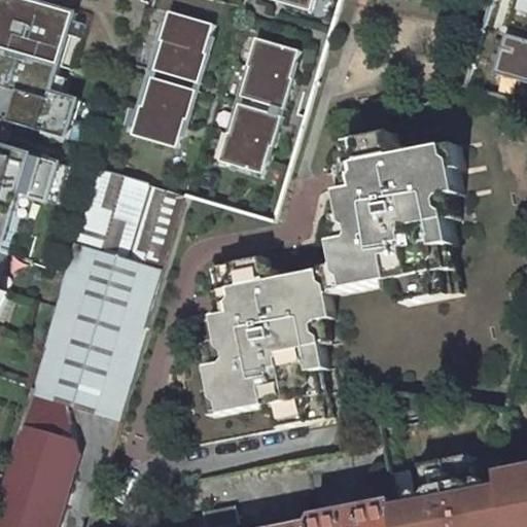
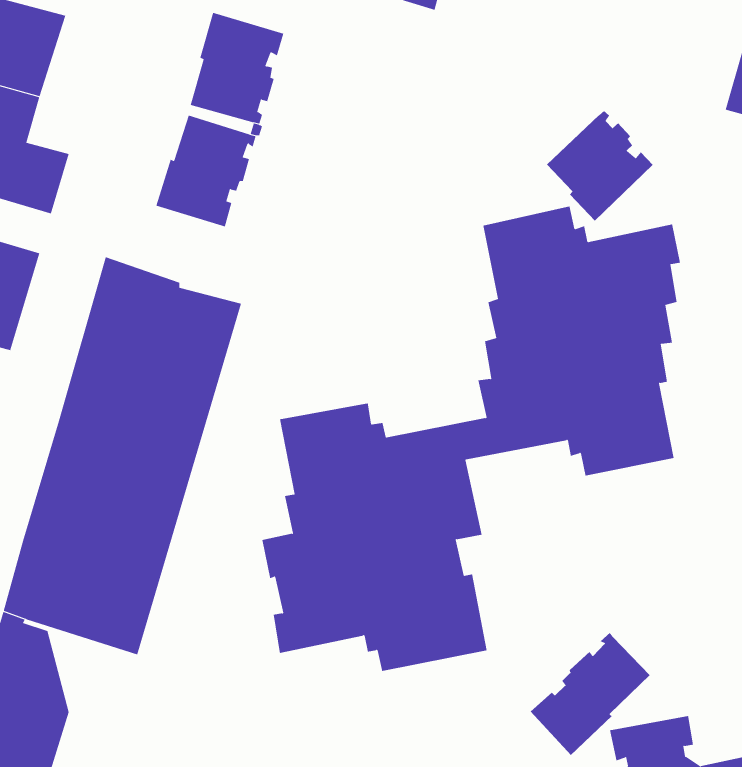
building: [239,38,296,109] -> none
building: none -> [546,110,654,221]
building: [216,104,280,174] -> none
building: none -> [530,632,651,756]

